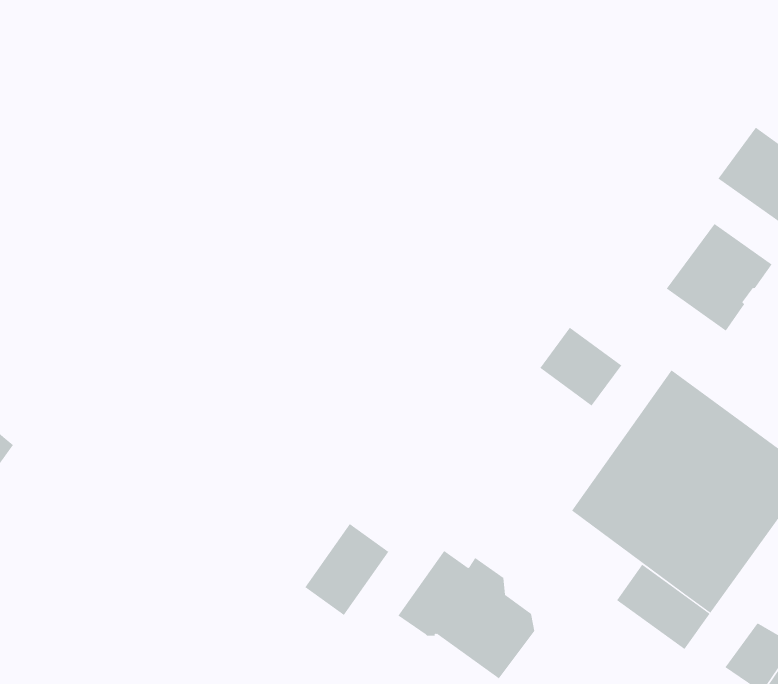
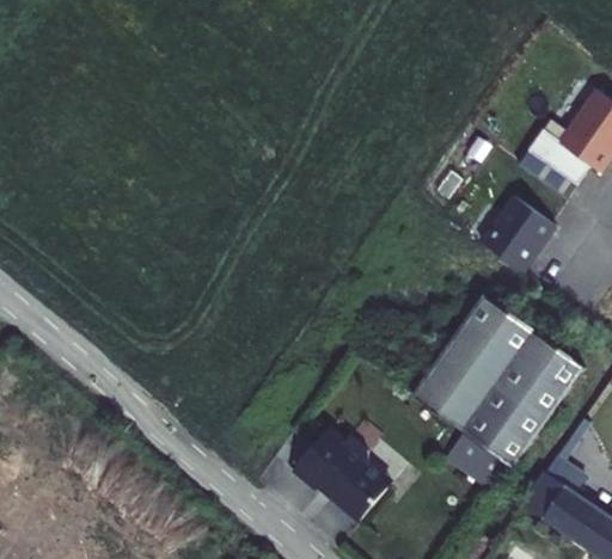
building: [539,327,622,407] -> none
building: [304,523,389,616] -> none

